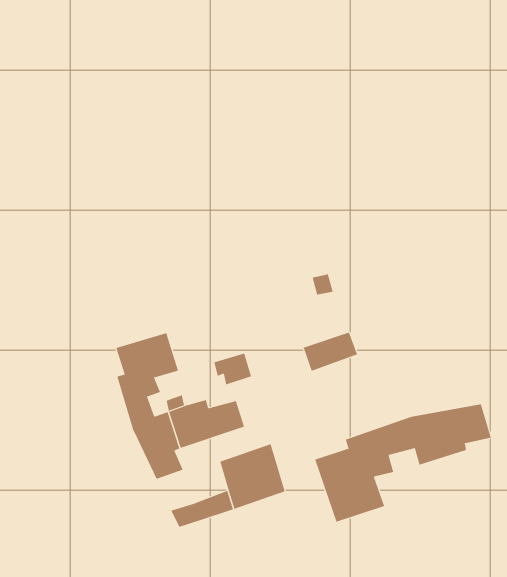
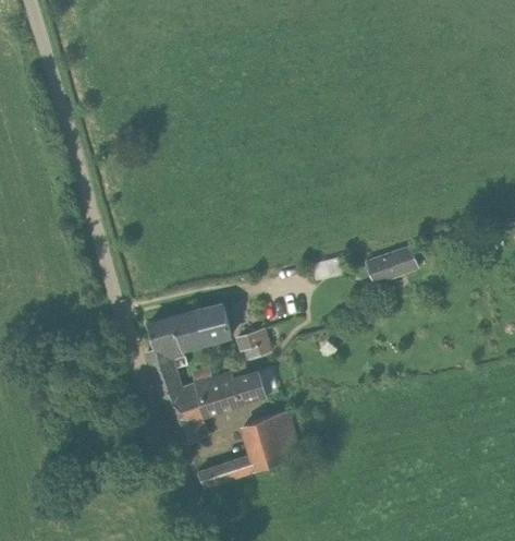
building: none -> [195,301,232,345]
building: [303,332,358,371] -> [368,247,418,282]
building: [314,403,491,523] -> none

